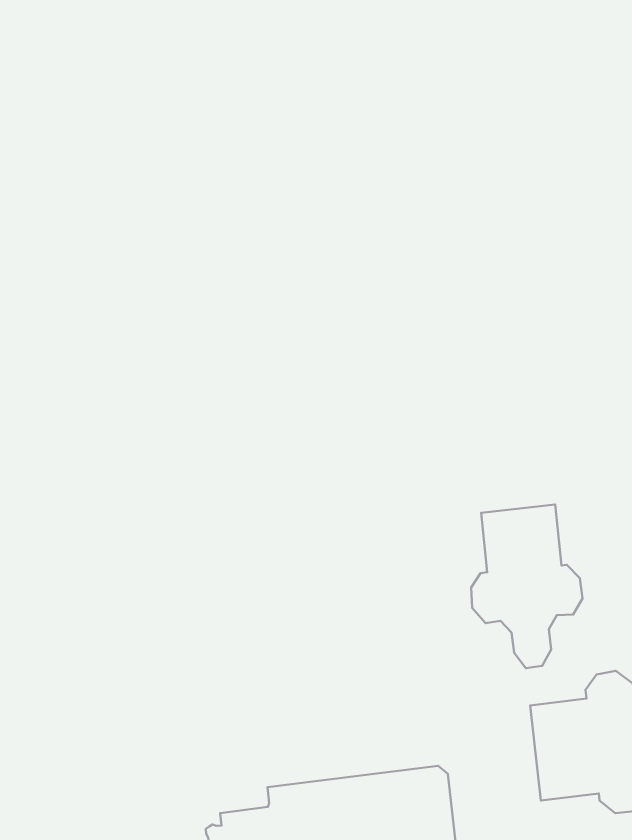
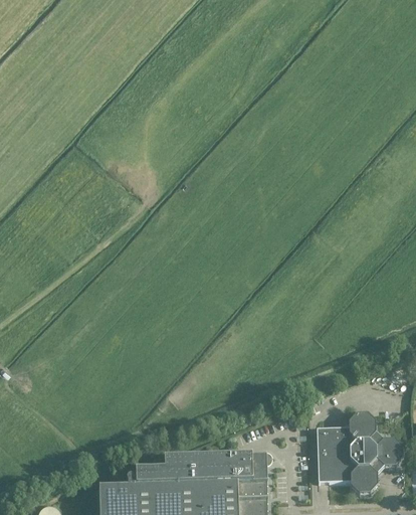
building: [471,504,582,668] -> none

